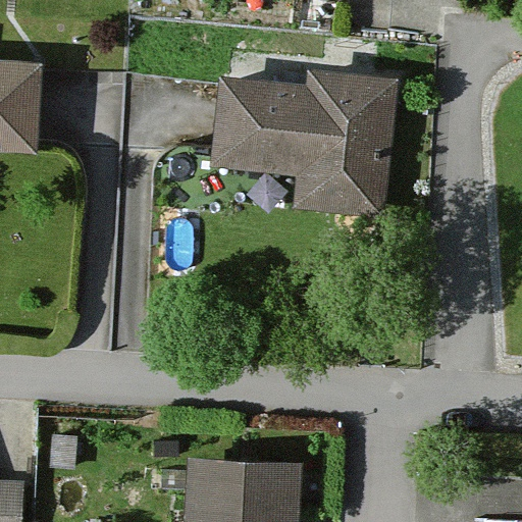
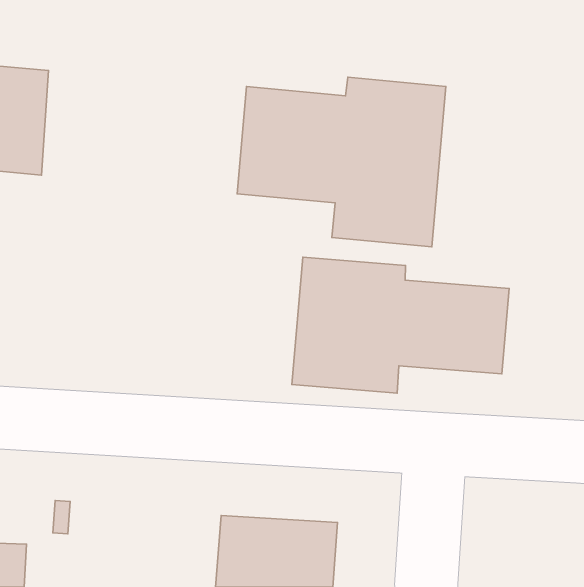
building: none -> [292,257,509,393]

